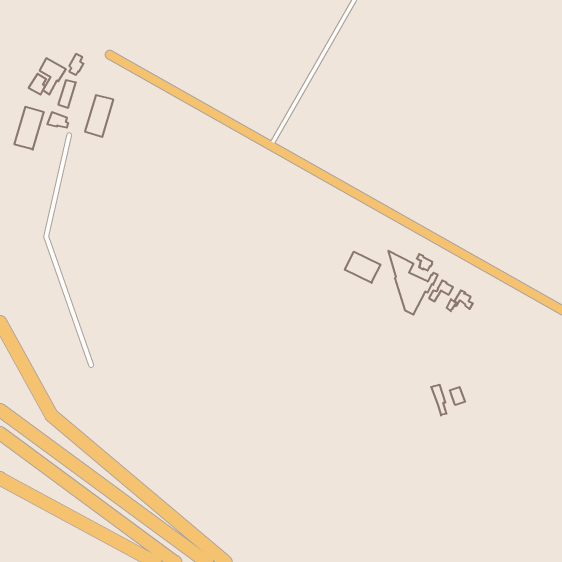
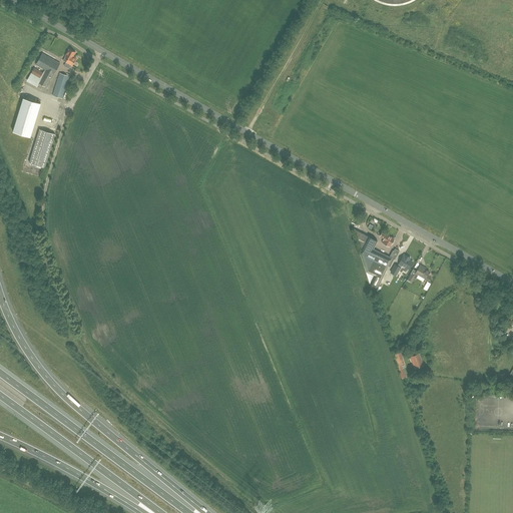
building: [85,95,113,137] -> [29,129,55,167]
building: [345,252,380,283] -> none

